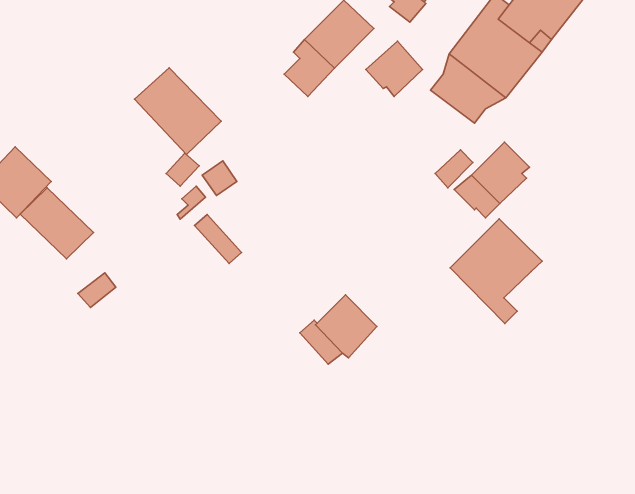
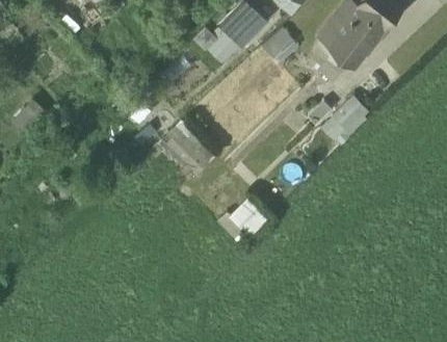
building: [134,68,221,154] -> [158,120,215,177]
building: [20,188,94,259] -> none
building: [450,219,542,323] -> none

